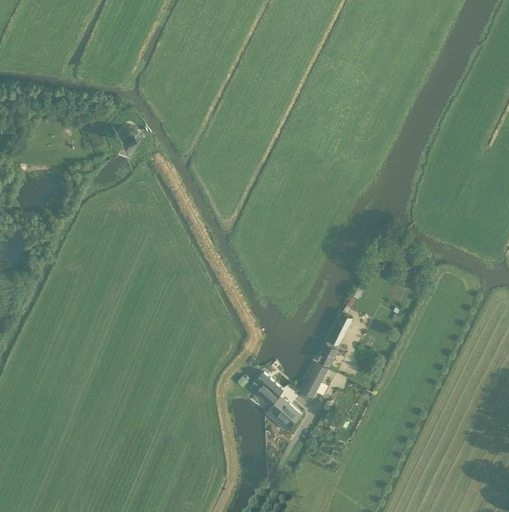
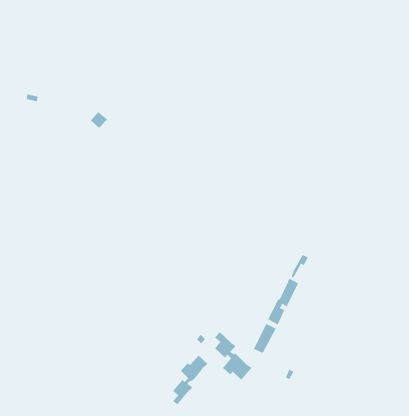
building: none -> [172,355,208,405]

